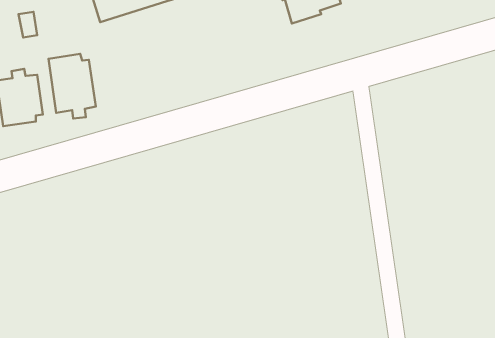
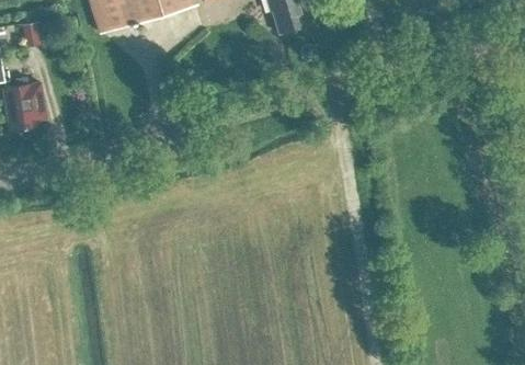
building: [49,54,96,119] -> none

